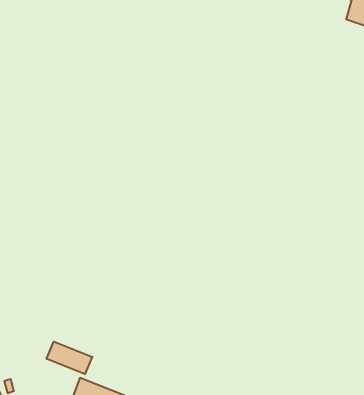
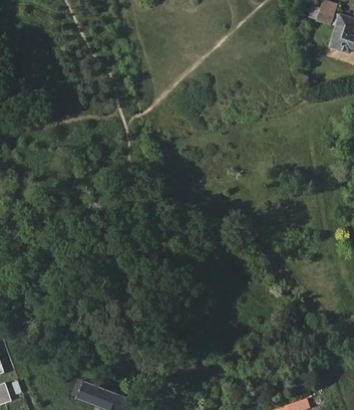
building: [47,342,92,374] -> none

